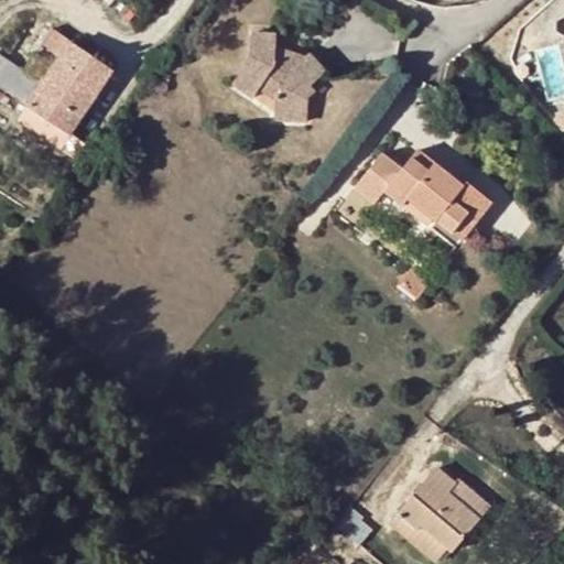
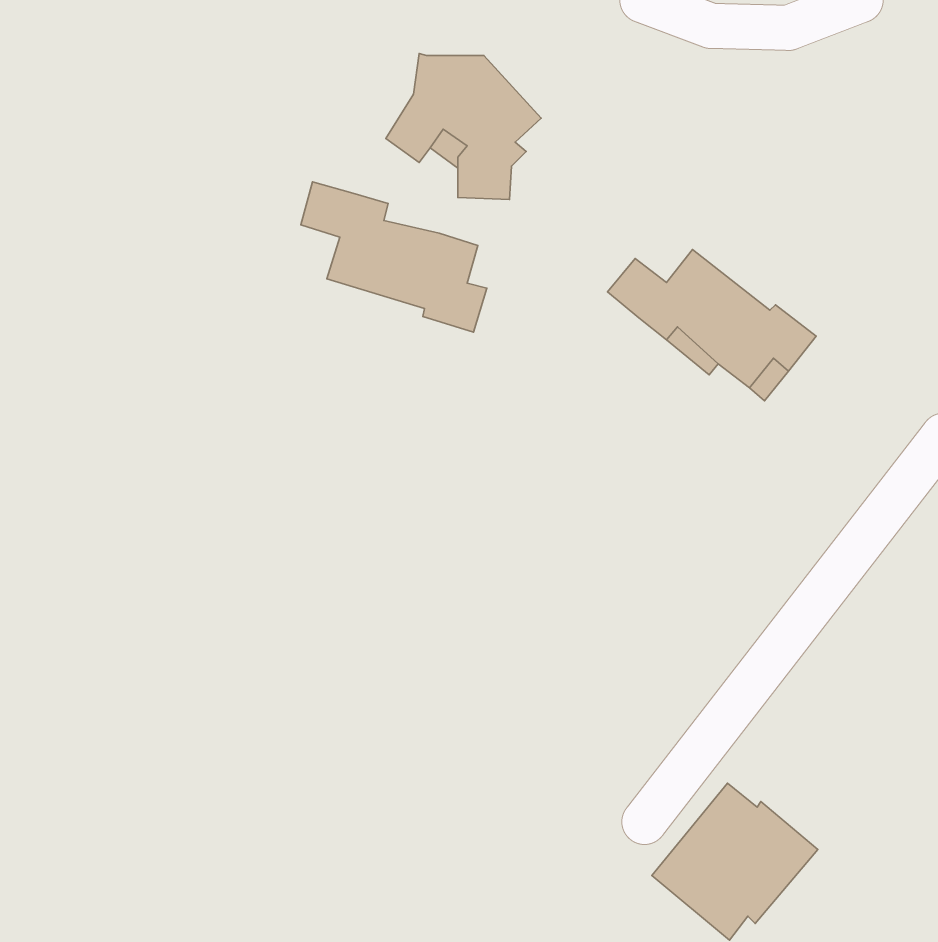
building: [22,30,111,156] -> none
building: none -> [301,182,487,332]

